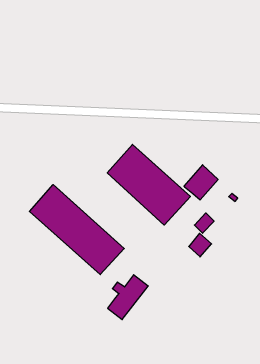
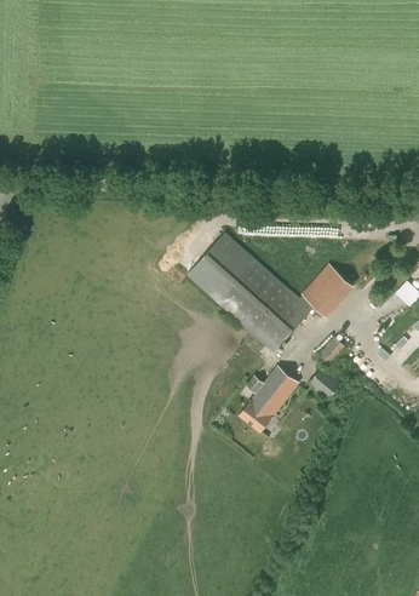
building: [29,185,124,275] -> none
building: [108,275,148,320] -> [239,365,299,431]

